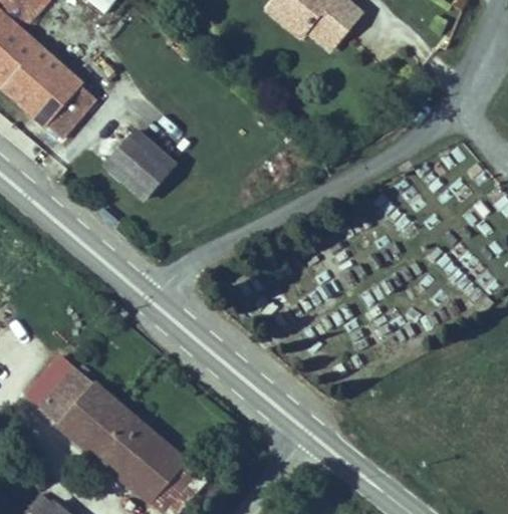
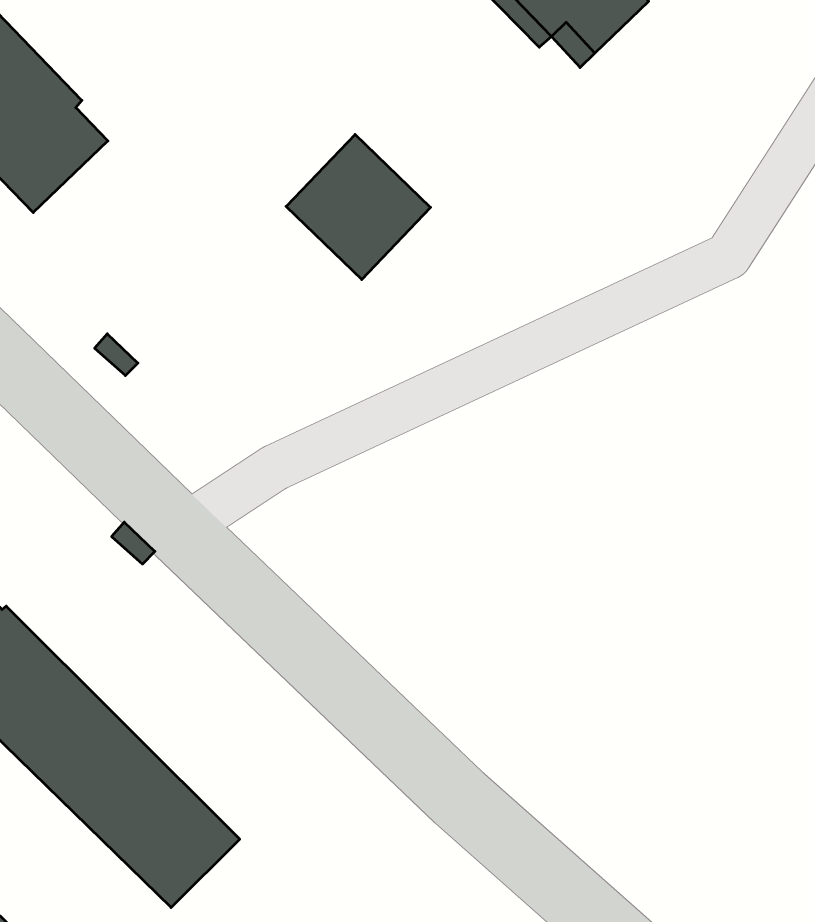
building: [96,128,172,204] -> [286,134,431,280]

